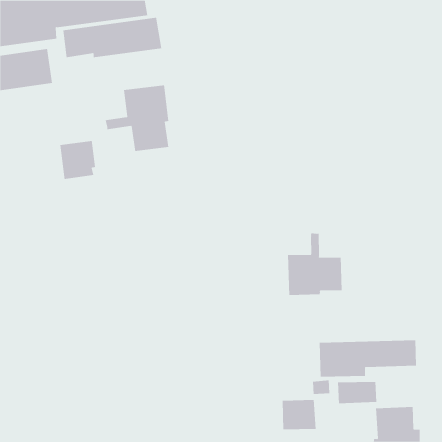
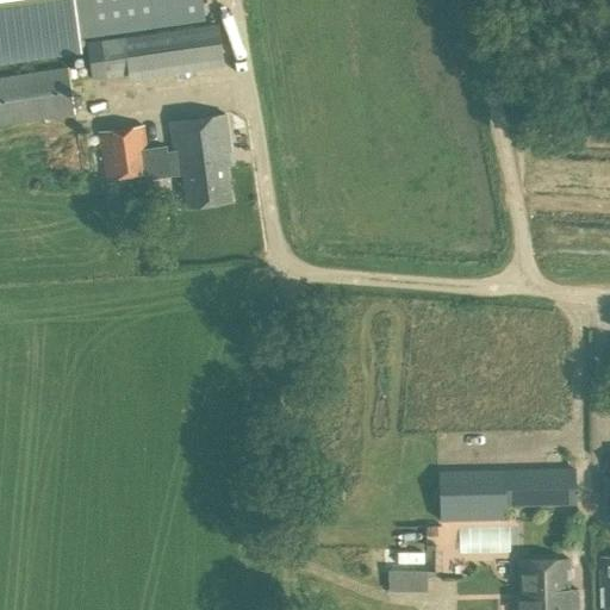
building: [60,140,96,179] -> [99,127,149,181]
building: [288,233,342,296] -> none

